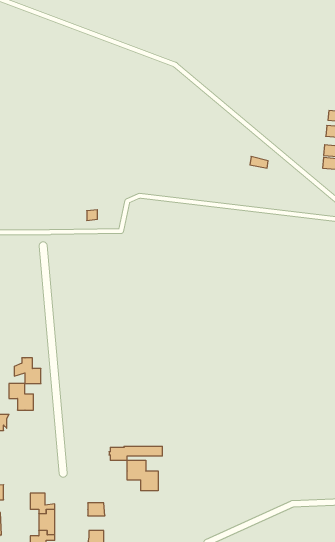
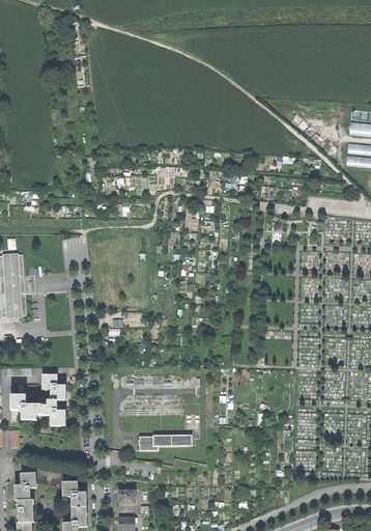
building: [14,358,41,384] -> [39,400,65,425]
building: [127,460,158,491] -> none

